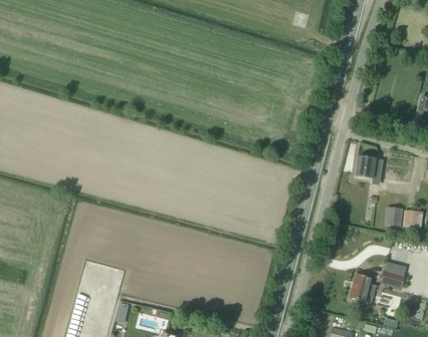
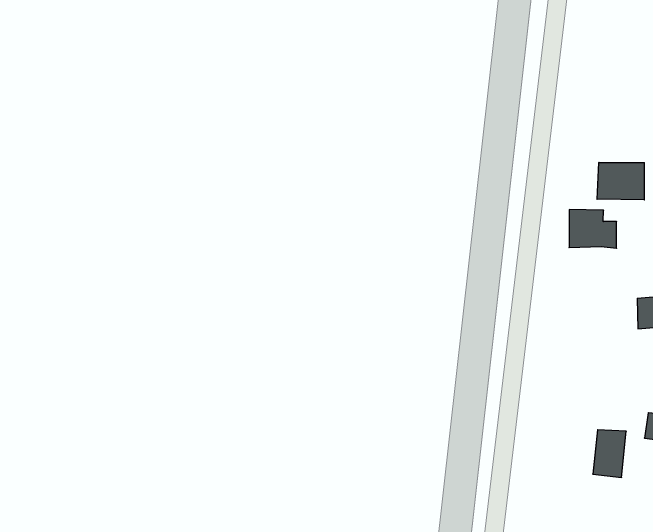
building: none -> [597,162,644,200]

